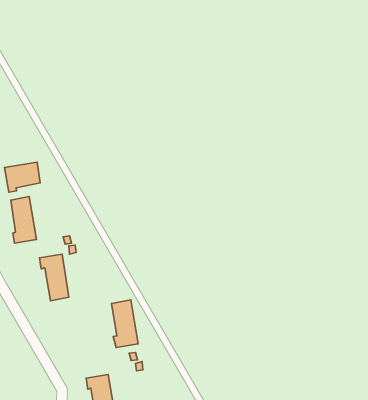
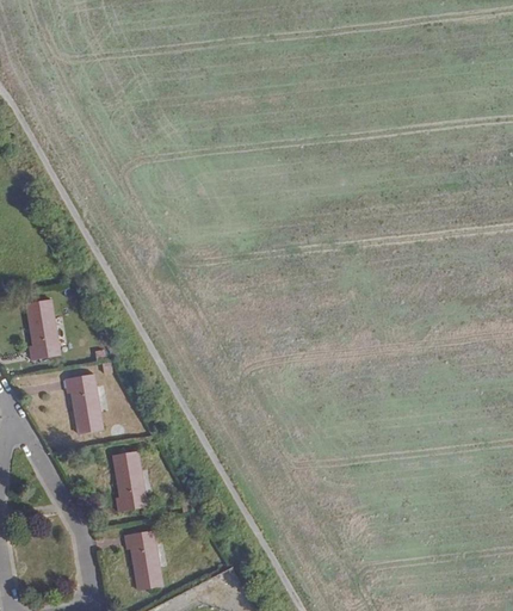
building: [4,162,40,192] -> none
building: [111,300,138,348] -> [112,450,147,512]

